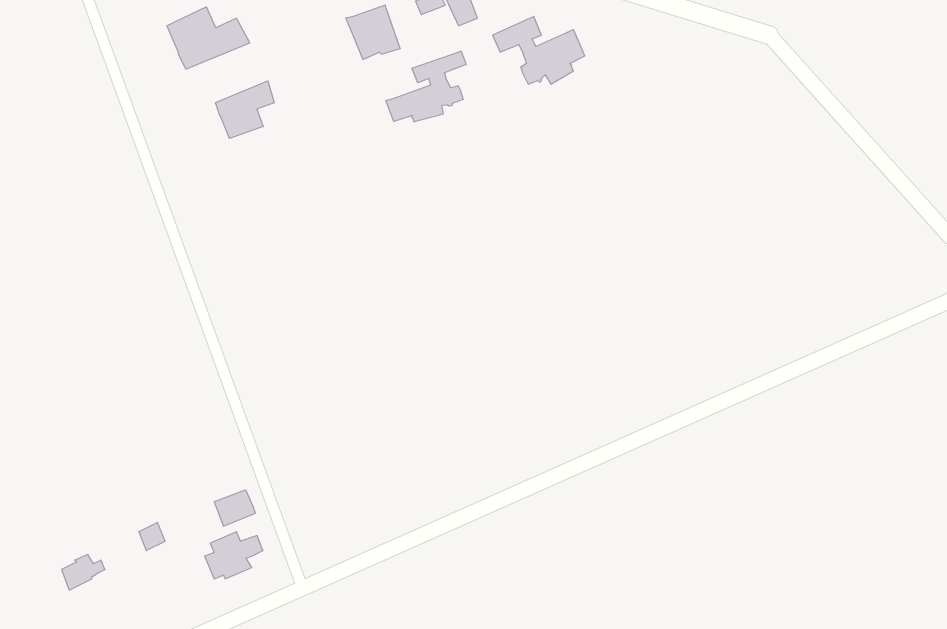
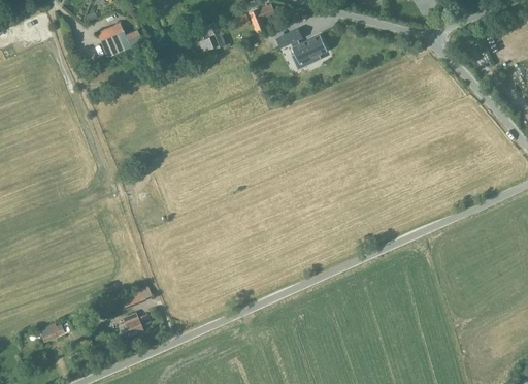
building: [386,51,466,122] -> none
building: [215,81,274,138] -> none

